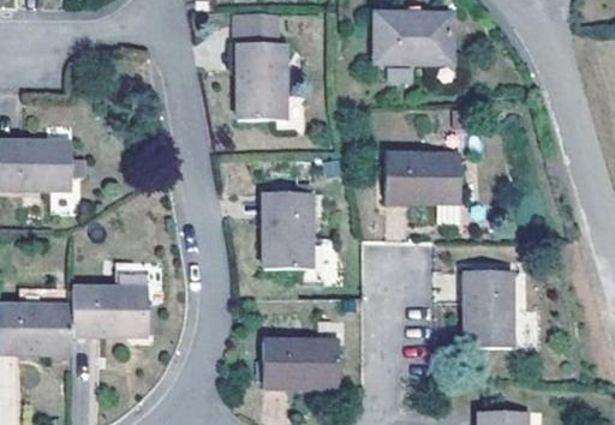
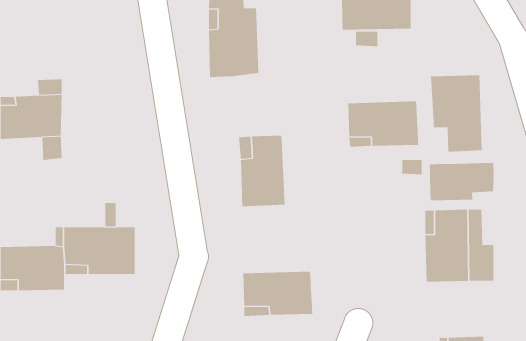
building: none -> [431,74,482,152]
building: none -> [429,162,494,201]

